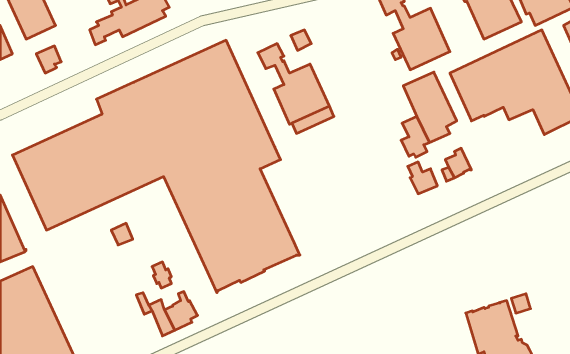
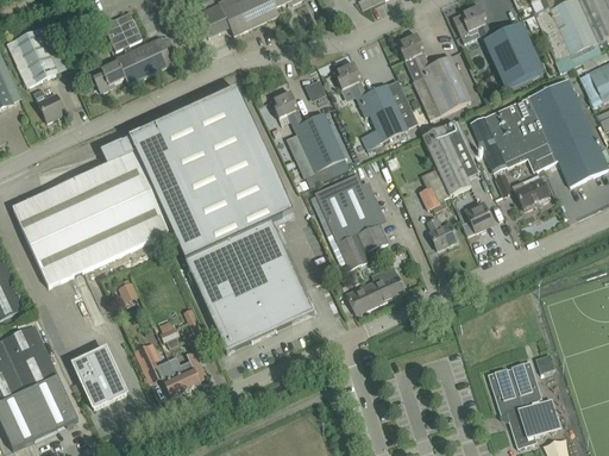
building: none -> [333,62,408,148]
building: none -> [310,173,388,270]
building: none -> [496,174,550,208]
building: none -> [347,264,406,313]
building: none -> [74,348,126,407]

